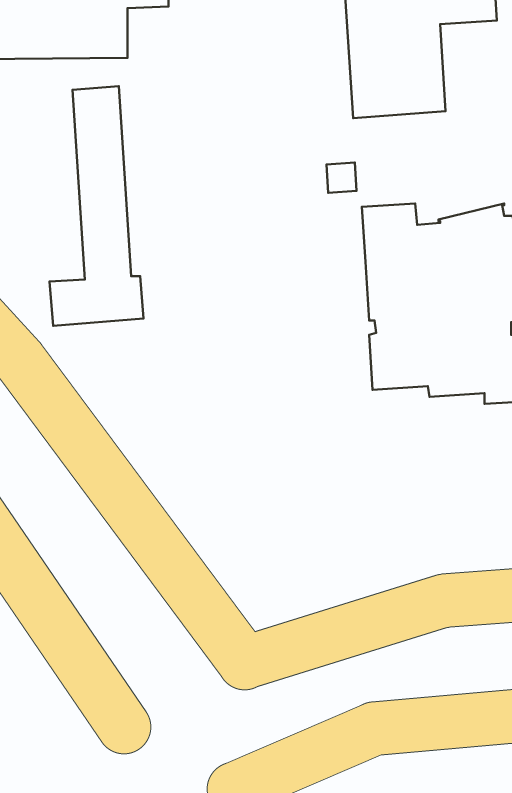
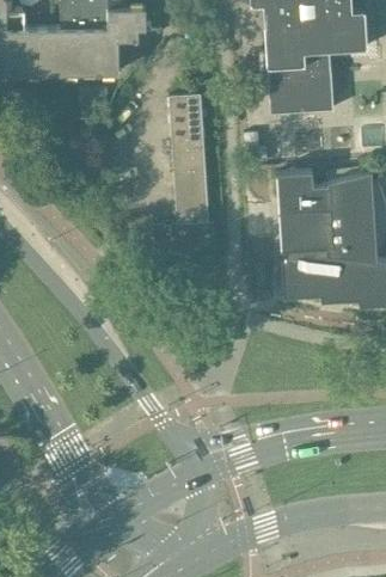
building: [49,86,144,326] -> [154,94,217,256]

